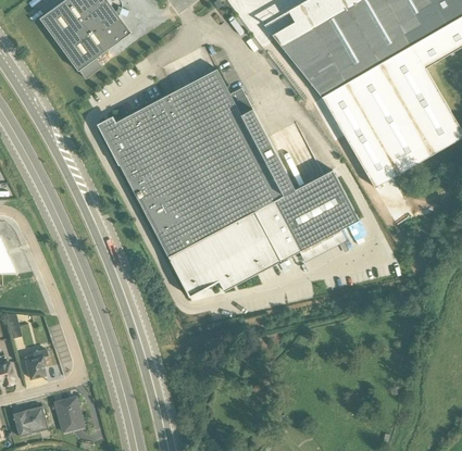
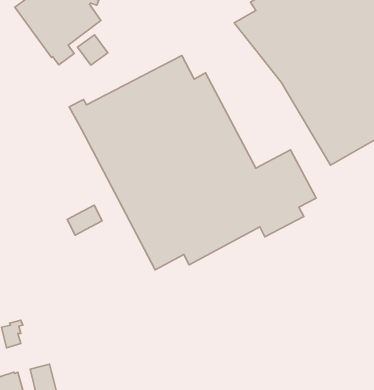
building: none -> [78,35,108,65]
building: none -> [67,205,102,235]

